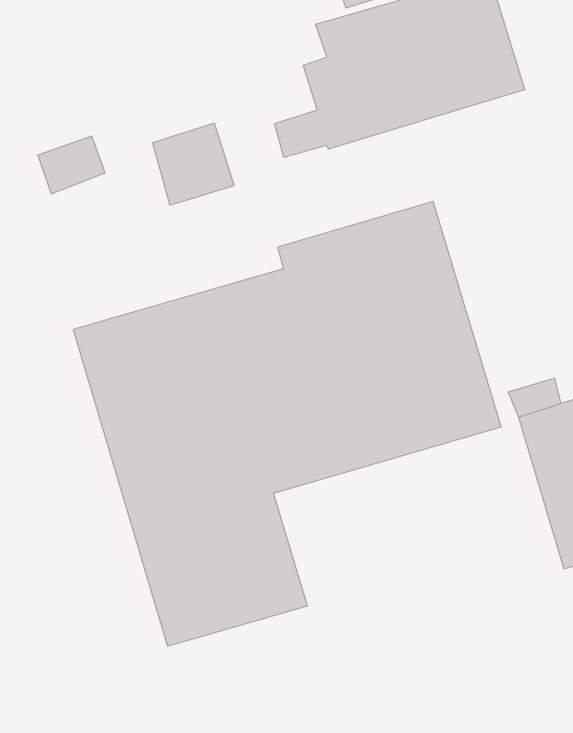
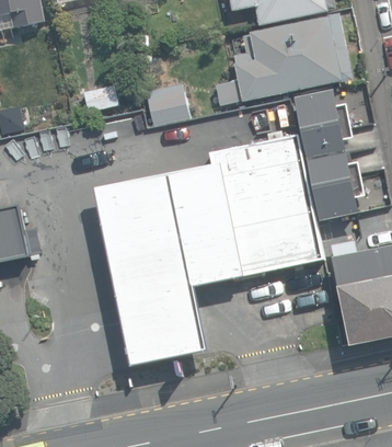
building: none -> [292,90,358,220]

